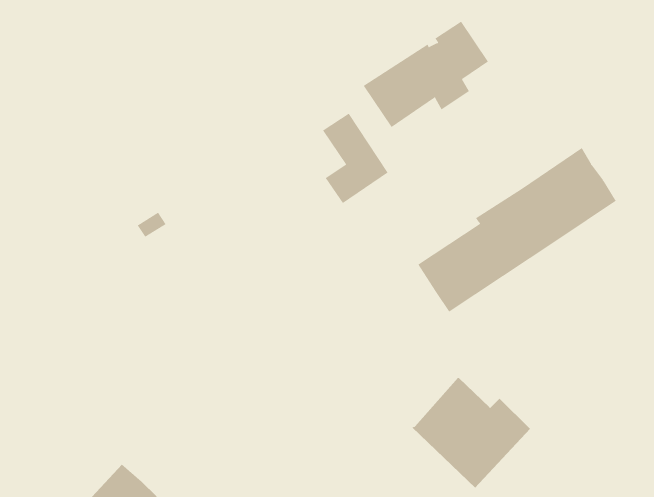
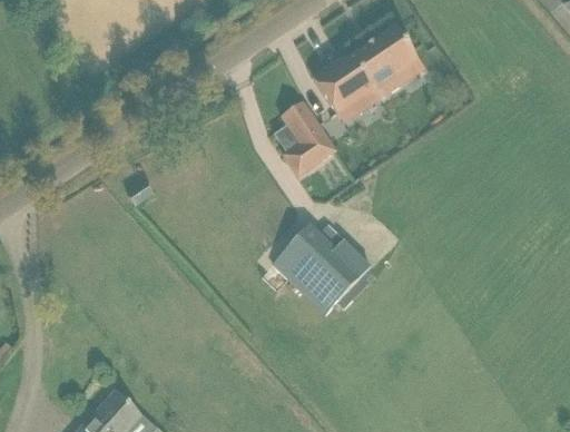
building: [418,147,616,312] -> none
building: [412,377,531,489] -> [273,223,371,314]

